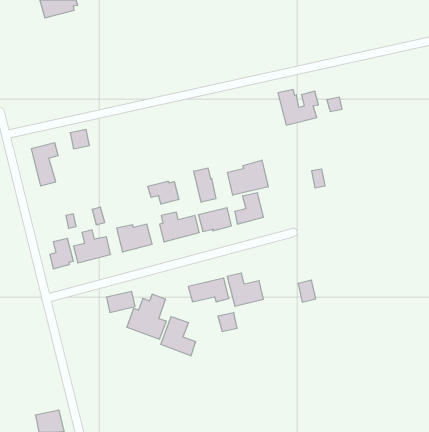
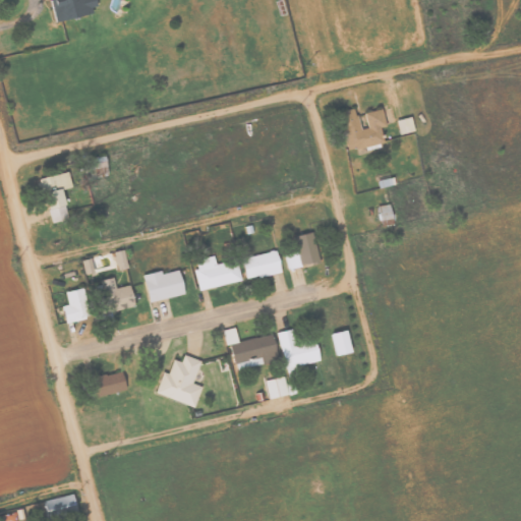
building: [227,160,268,195] -> none
building: [194,168,216,202] -> none
building: [148,181,179,204] -> none
building: [298,280,316,302] -> [331,330,352,356]
building: [106,291,135,312] -> [92,372,126,398]
building: [161,317,196,356] -> none

